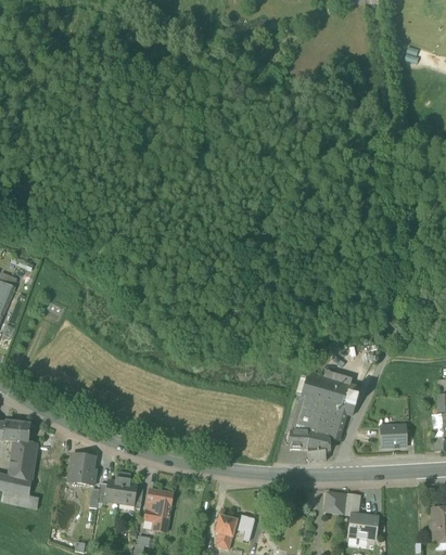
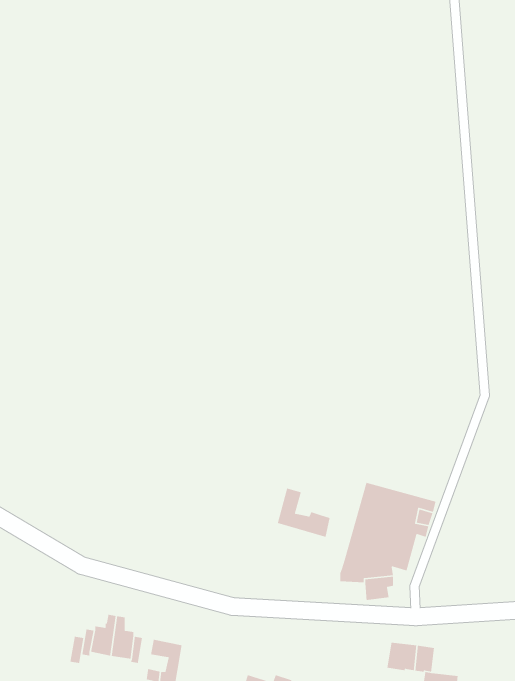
building: none -> [277,487,330,538]
building: [380,424,406,447] -> none
building: [68,452,95,485] -> none

